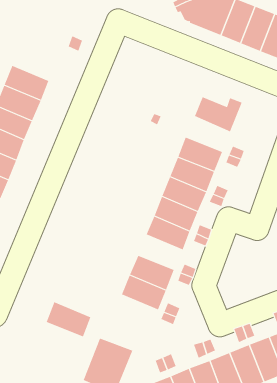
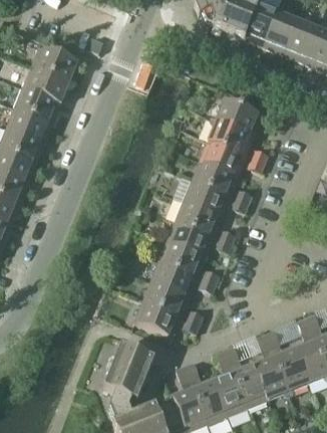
building: none -> [30,46,76,83]
building: none -> [207,120,253,156]
building: none -> [158,240,205,276]
building: [46,302,91,337] -> [133,301,180,338]

